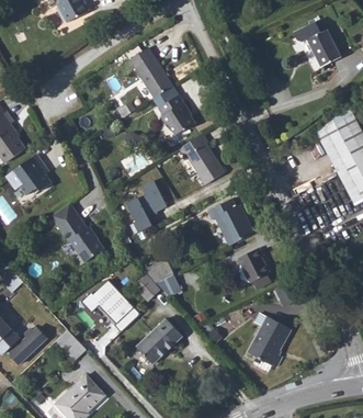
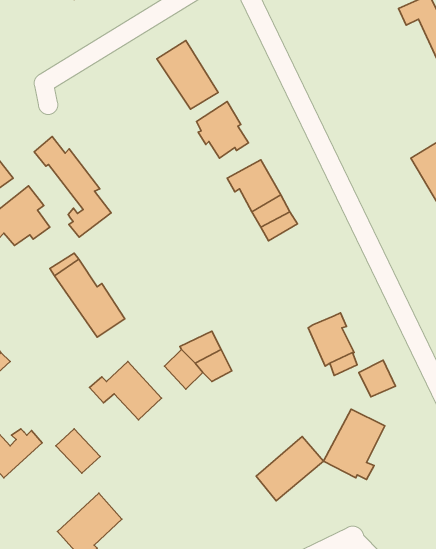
building: none -> [34,137,111,237]
building: [124,179,165,233] -> none
building: [208,197,254,245] -> none
building: [135,316,183,362] -> [256,437,324,501]

